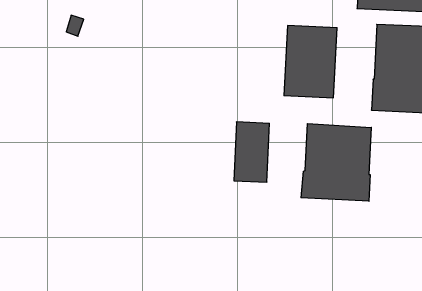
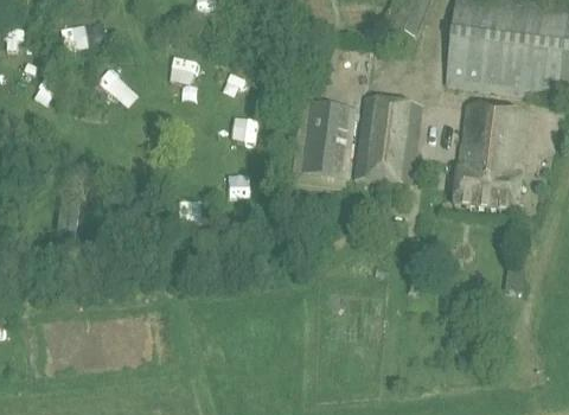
building: [234,122,269,182] -> [302,98,349,171]
building: [301,124,371,201] -> none

